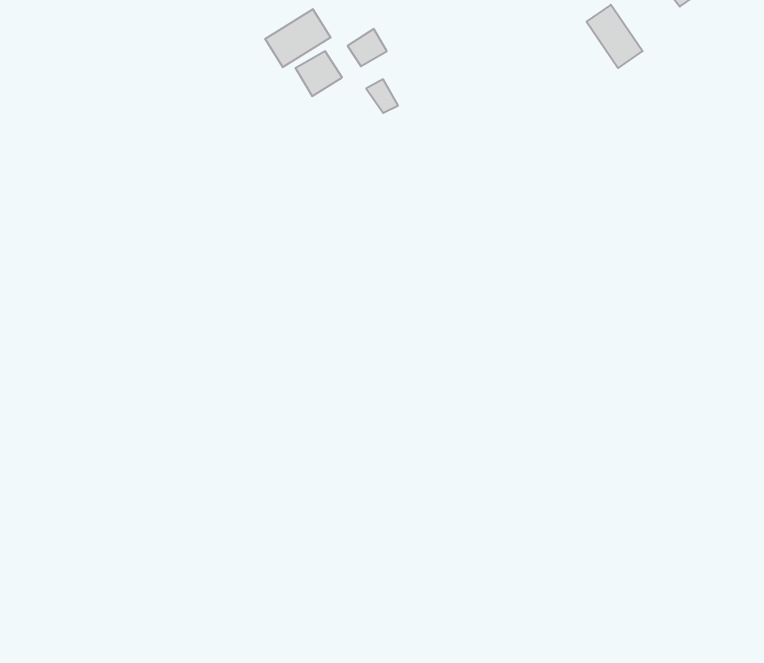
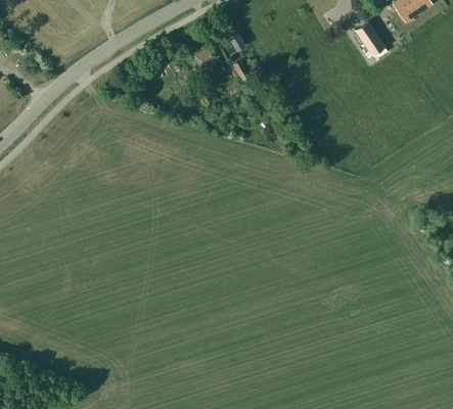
building: [265,9,331,67] -> none

